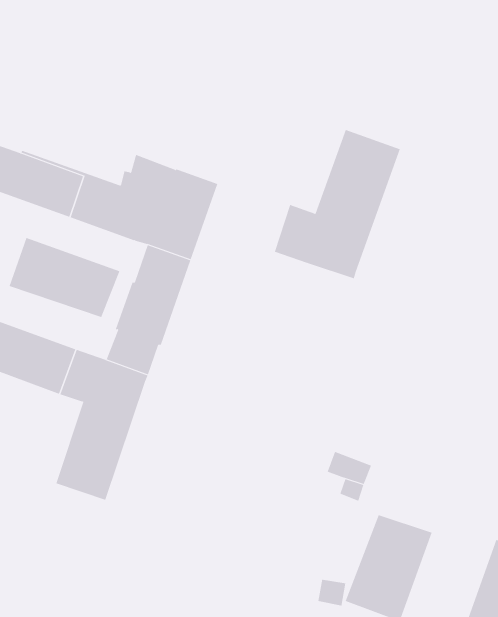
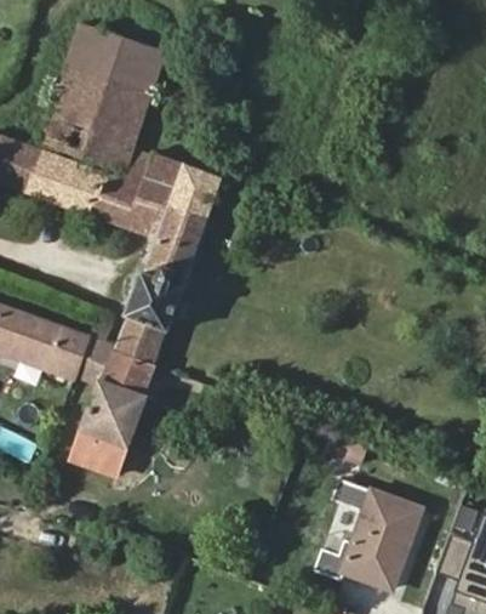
building: none -> [38,24,160,181]
building: [274,129,400,279] -> none
building: [9,237,120,318] -> none

